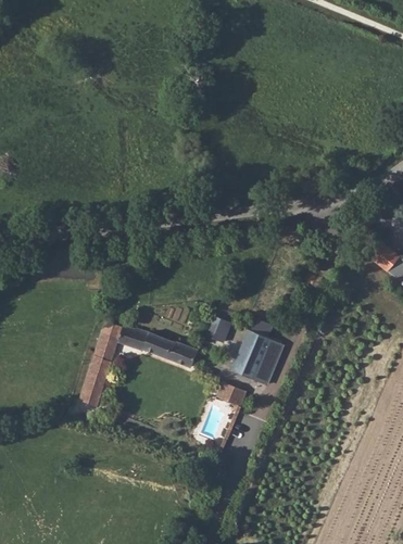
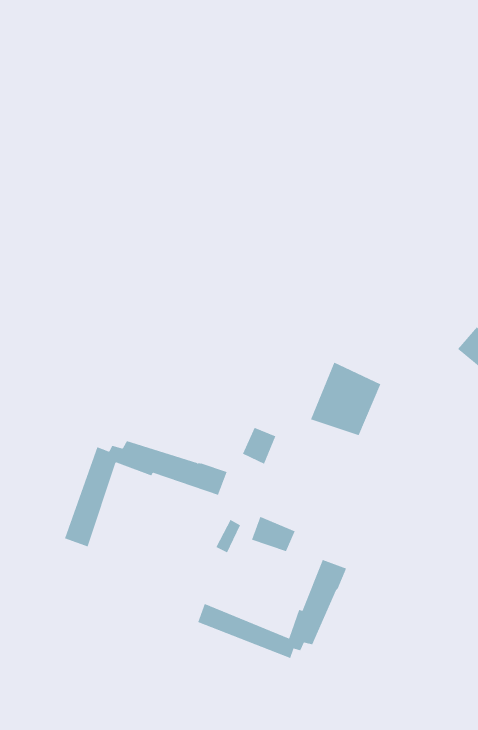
building: [232,330,285,384] -> [310,362,381,436]
building: none -> [198,559,347,659]

